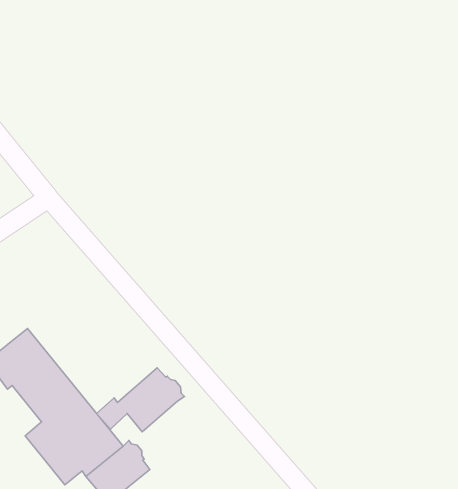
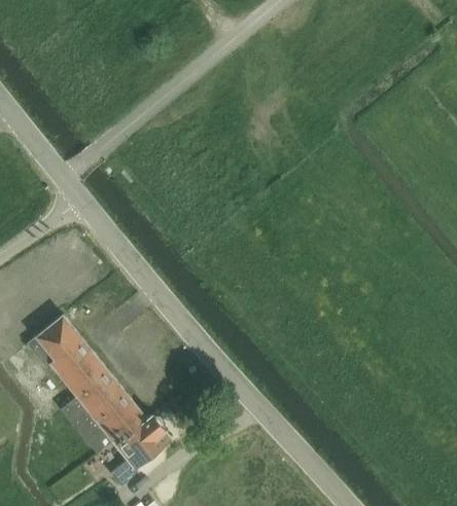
building: [96,368,184,432] -> none

